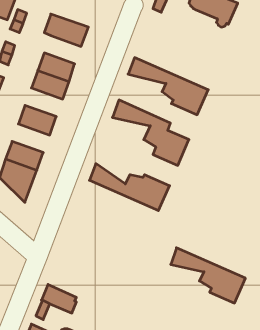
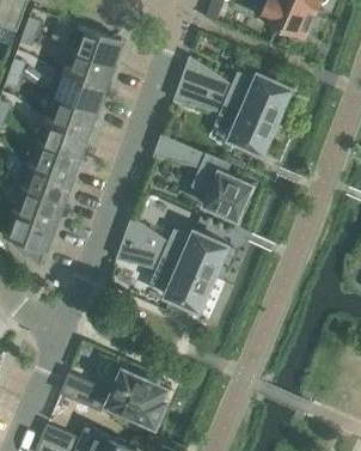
building: none -> [65,50,112,87]
building: none -> [182,56,290,121]
building: none -> [39,118,88,156]
building: none -> [14,161,72,202]
building: [171,248,245,303] -> [116,238,213,310]
building: none -> [109,365,166,425]

